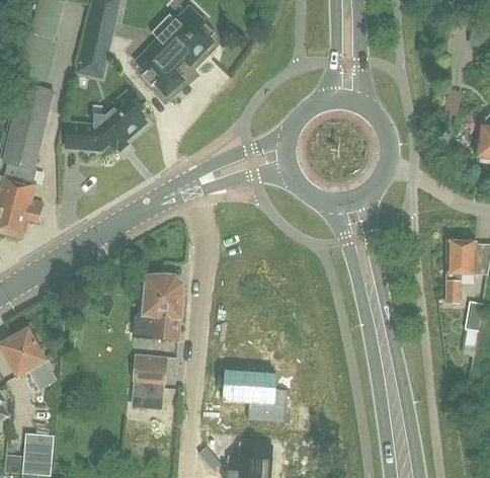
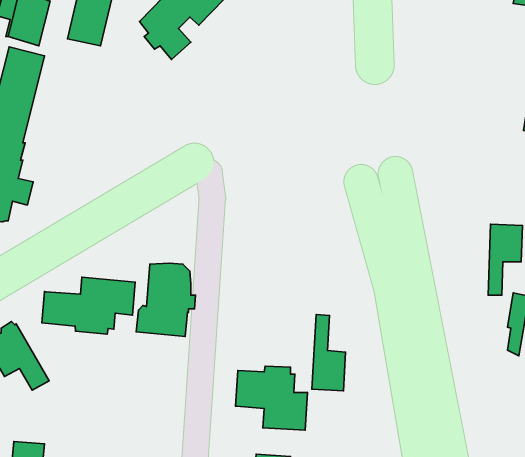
building: [67,91,147,150] -> none
building: none -> [42,277,135,334]
building: none -> [312,314,345,391]
building: [134,353,168,396] -> none

